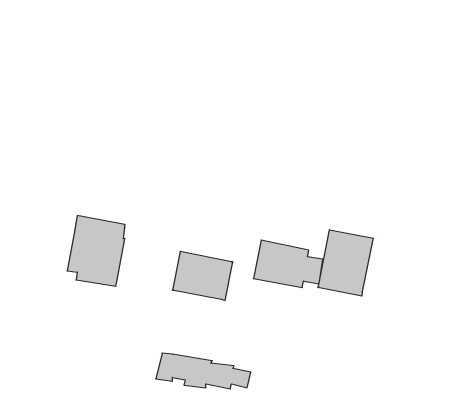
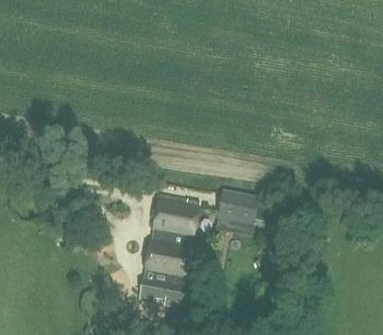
building: [67,216,125,286] -> [145,232,190,287]
building: [318,230,373,296] -> none

